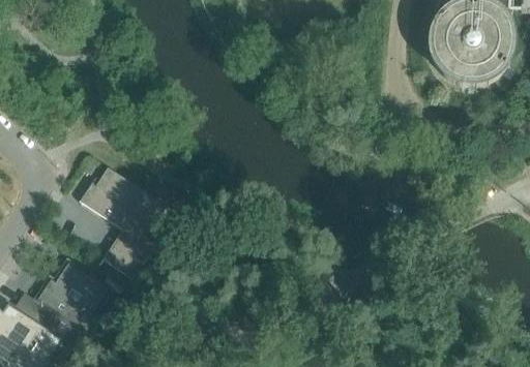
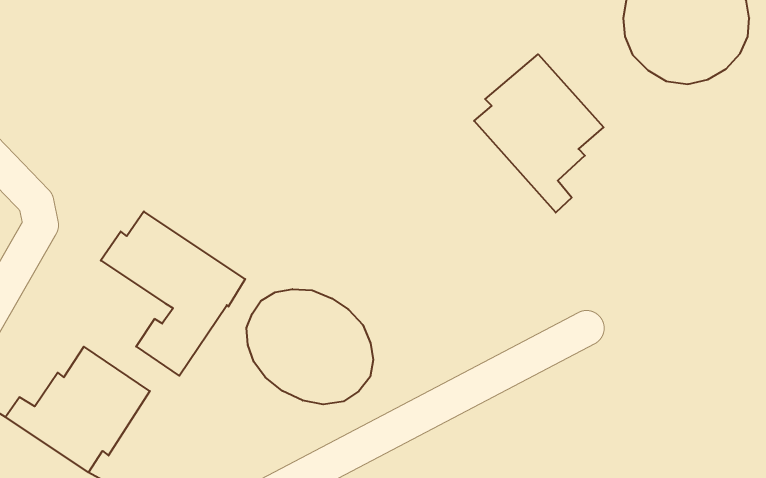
building: none -> [474,54,604,213]
building: none -> [247,289,373,404]

